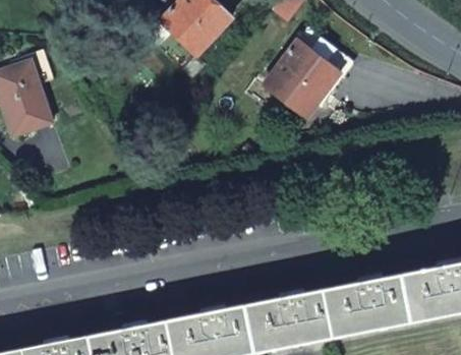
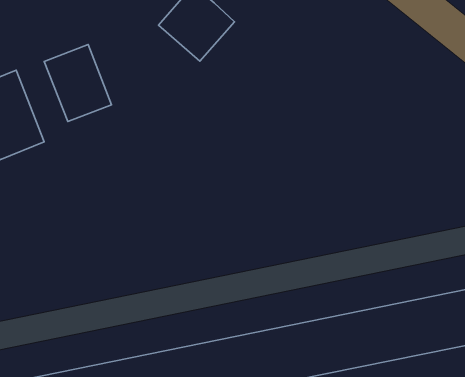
building: none -> [44,45,111,122]
building: [265,42,342,117] -> none

